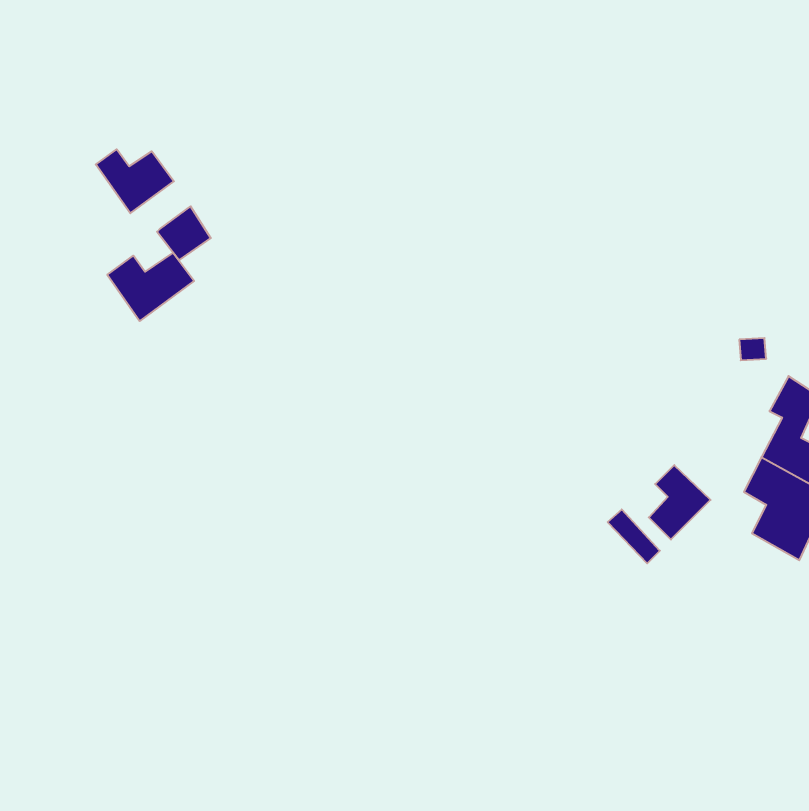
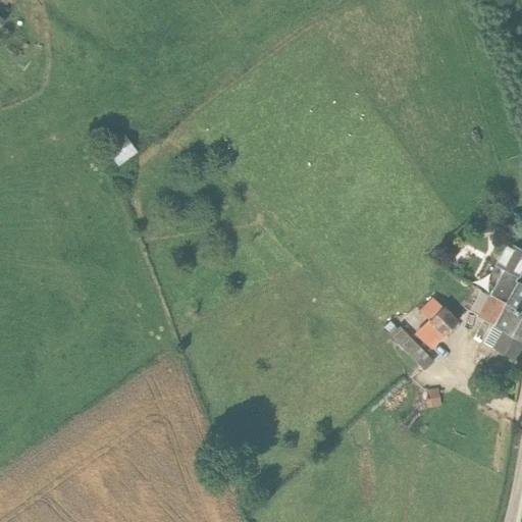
building: [96,149,174,213] -> none
building: [107,253,194,321] -> none

